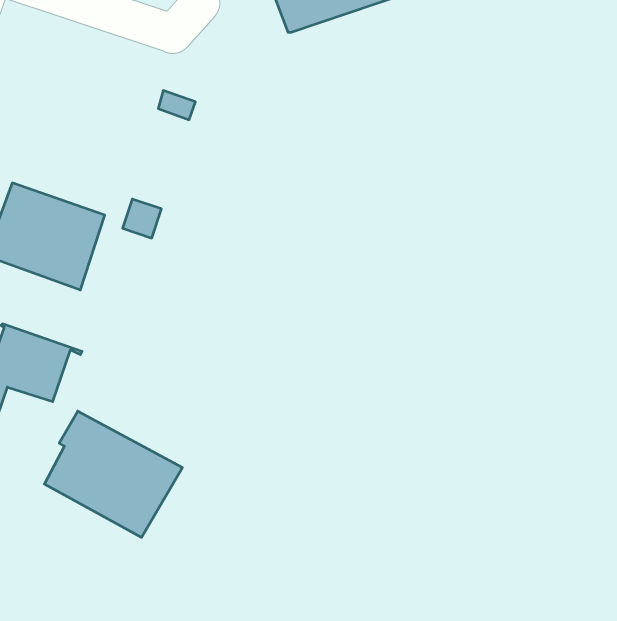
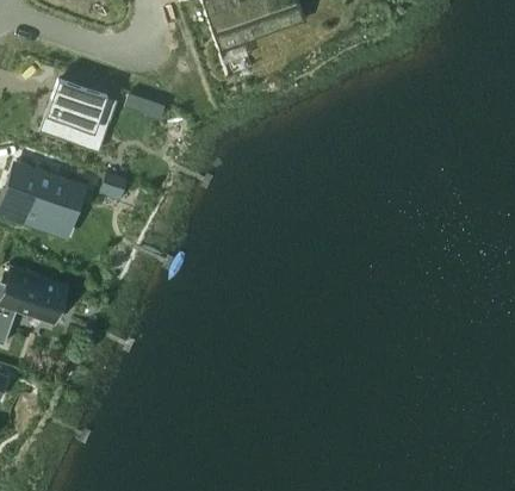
building: none -> [44,80,118,145]
building: [44,411,182,537] -> none

